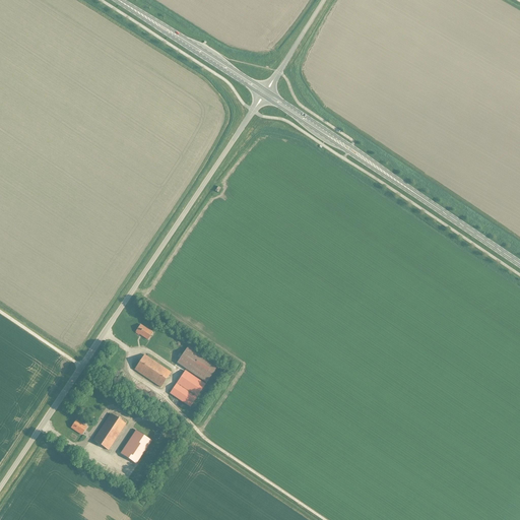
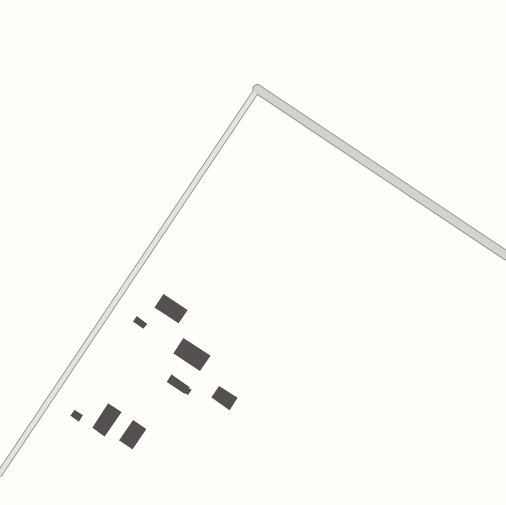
building: [134,353,171,386] -> [153,293,189,325]
building: [176,370,205,397] -> [210,385,239,411]

